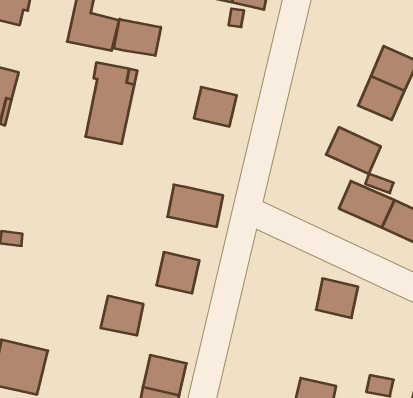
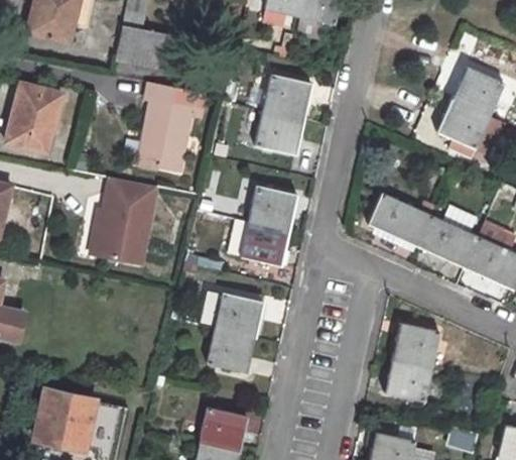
building: [114,19,161,56] -> none
building: none -> [265,76,312,119]
building: [326,127,381,174] -> [370,193,430,244]
building: none -> [96,178,156,264]
building: none -> [250,187,297,230]
building: [101,296,143,335] -> [208,329,255,372]
building: none -> [384,356,431,399]

